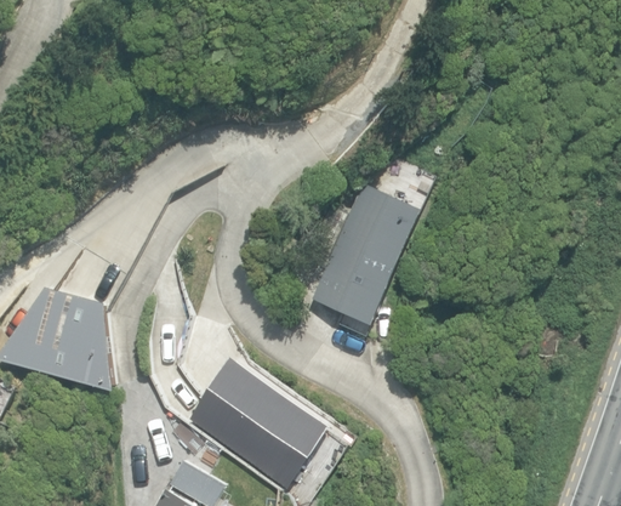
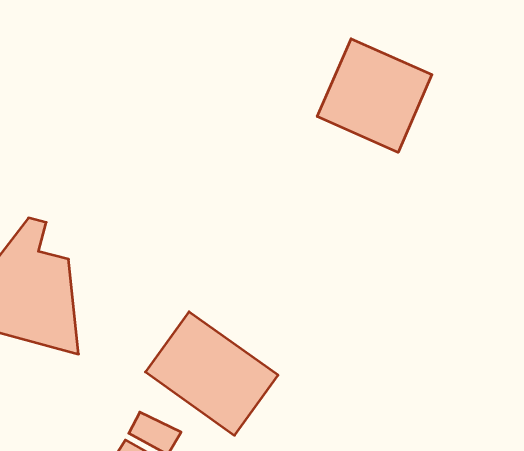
building: none -> [317,39,432,152]
building: [312,188,422,329] -> none

